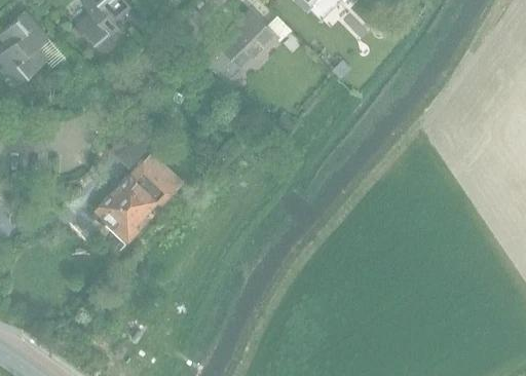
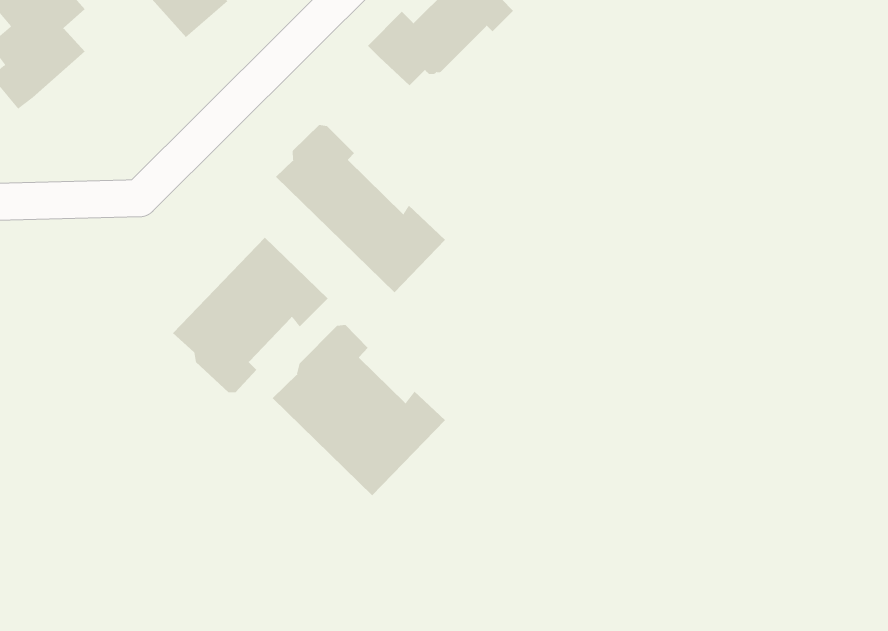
building: none -> [275,124,446,293]
building: none -> [272,324,446,496]

